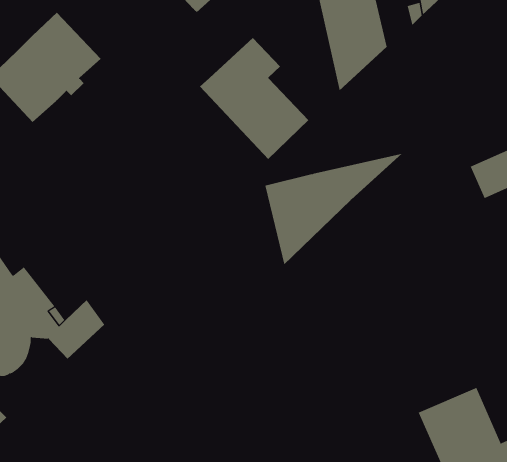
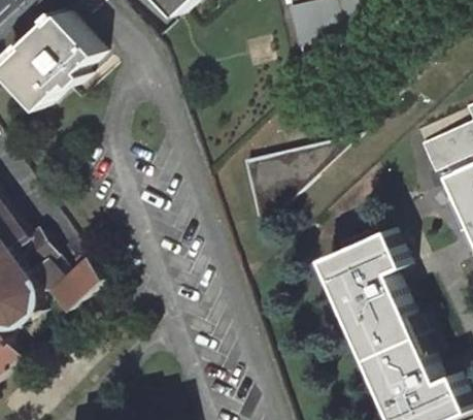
building: [199,37,309,160] -> none
building: none -> [322,226,415,353]

